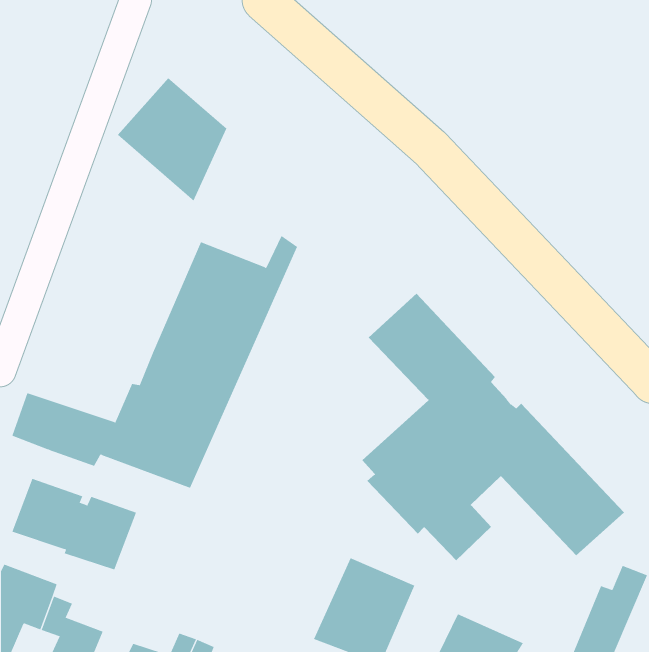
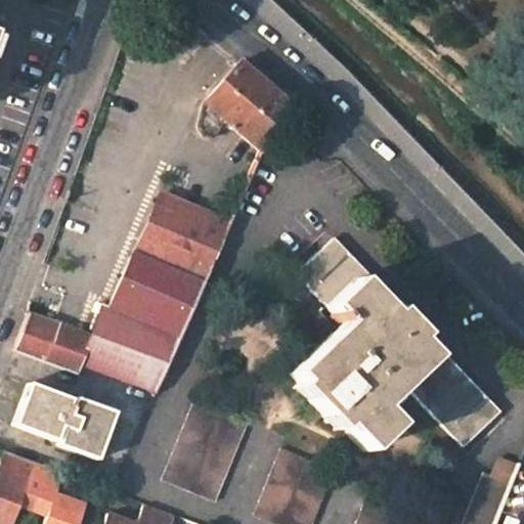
building: [117,77,227,201] -> [198,59,286,159]
building: none -> [161,399,248,500]

